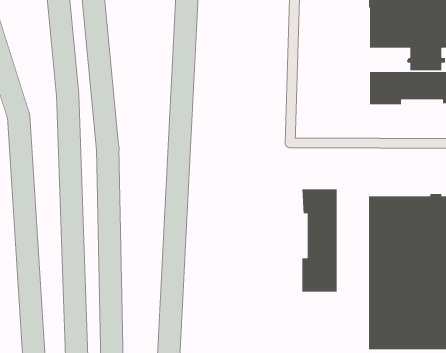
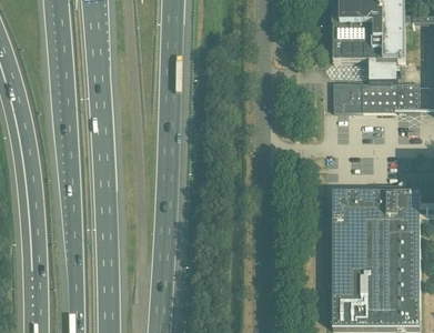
building: [302,188,338,293] -> none

